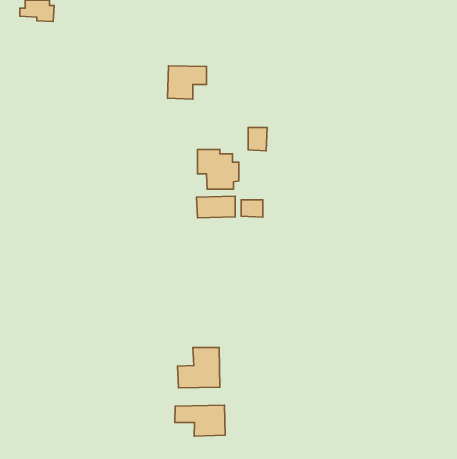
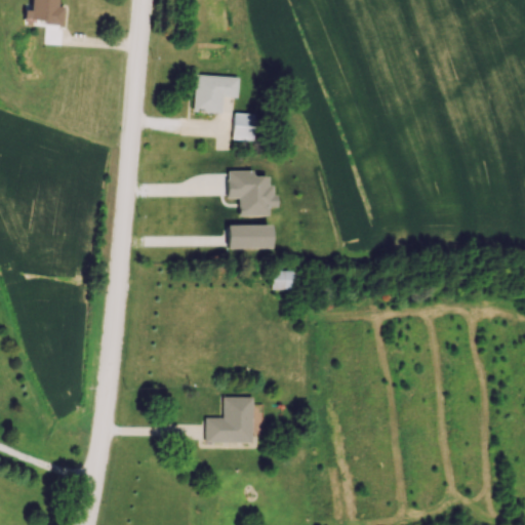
building: [248,127,267,151] -> [235,114,256,140]
building: [241,200,263,217] -> [273,271,297,290]
building: [175,405,225,436] -> none

